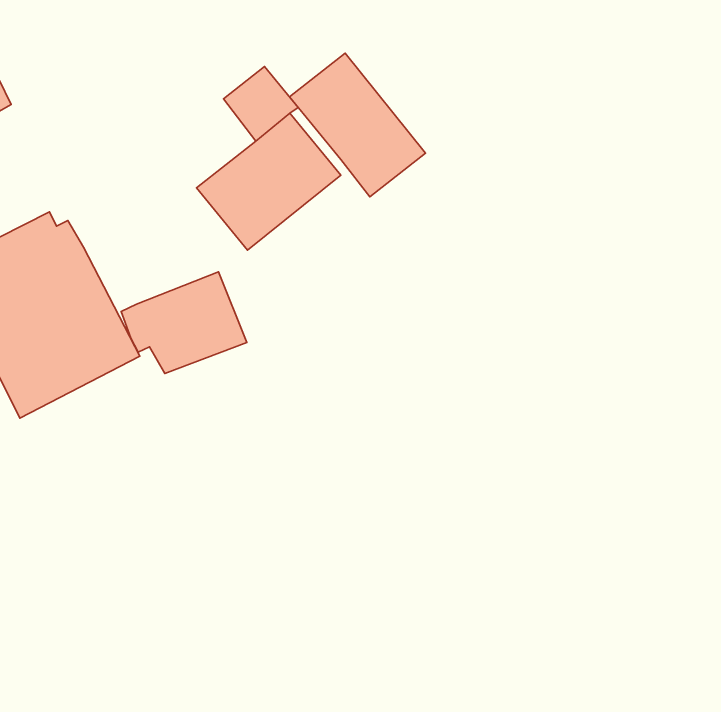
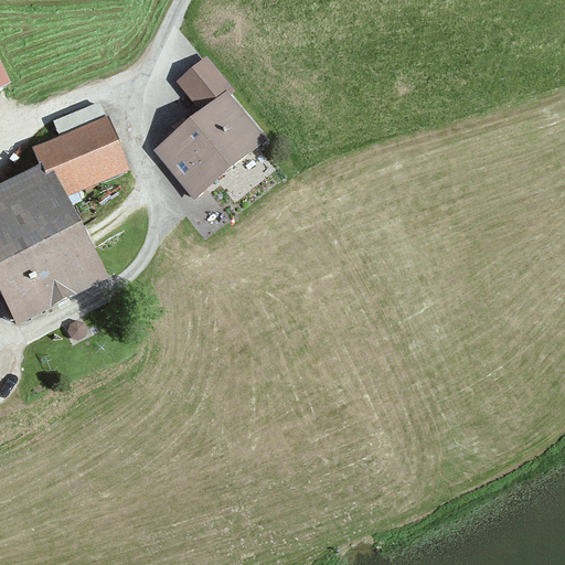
building: [290,53,426,197] -> none
building: [121,272,247,374] -> [31,114,129,193]

